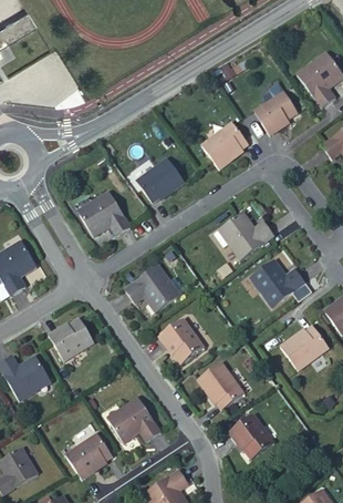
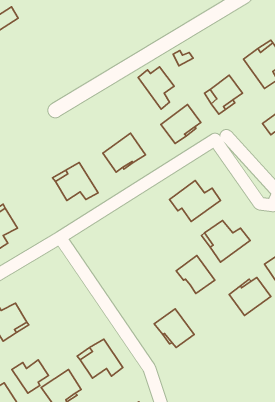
building: none -> [138,67,174,109]
building: [125,265,183,312] -> none
building: [48,319,93,361] -> none
building: [158,319,204,363] -> [176,256,215,294]
building: [228,415,272,459] -> none
building: none -> [12,360,49,393]

